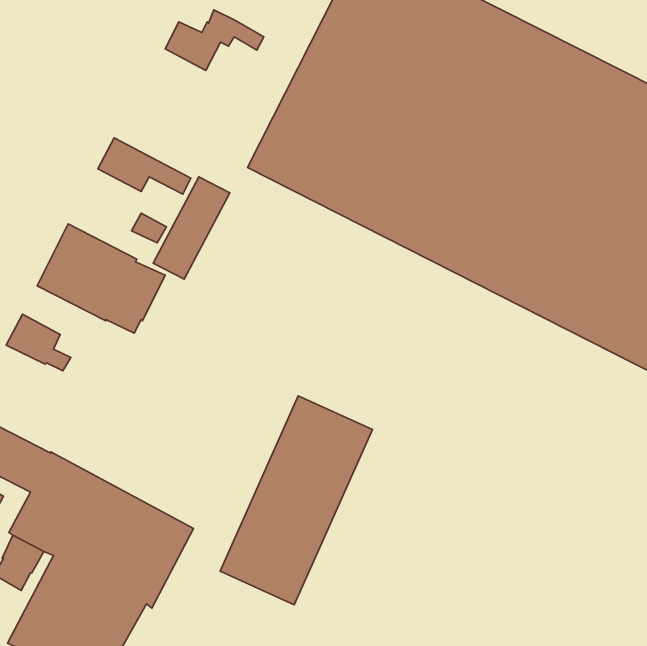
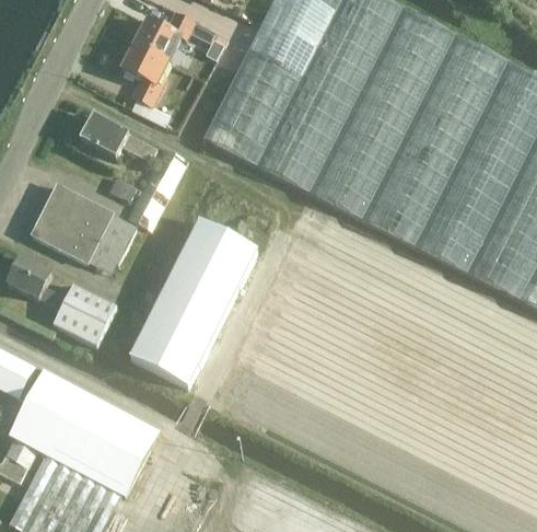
building: none -> [122,42,168,122]
building: none -> [52,284,116,344]
building: [220,396,372,605] -> [132,216,256,385]

